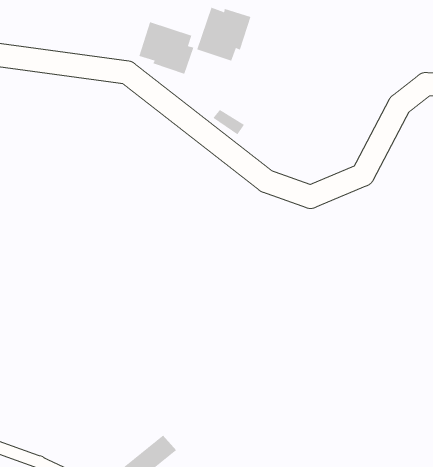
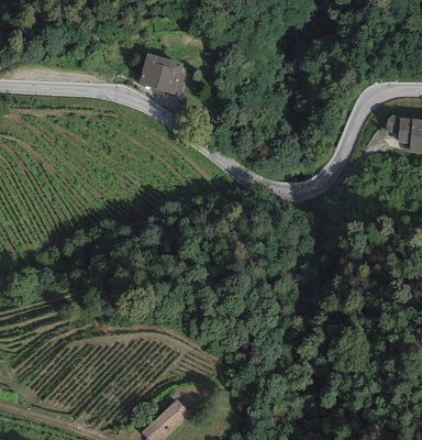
building: [197,7,251,62] -> none

